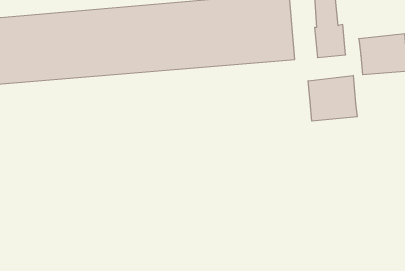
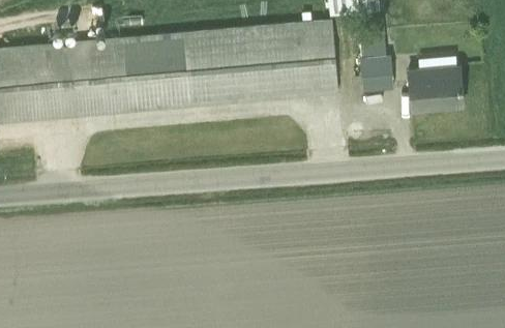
building: [308,75,357,121] -> none

